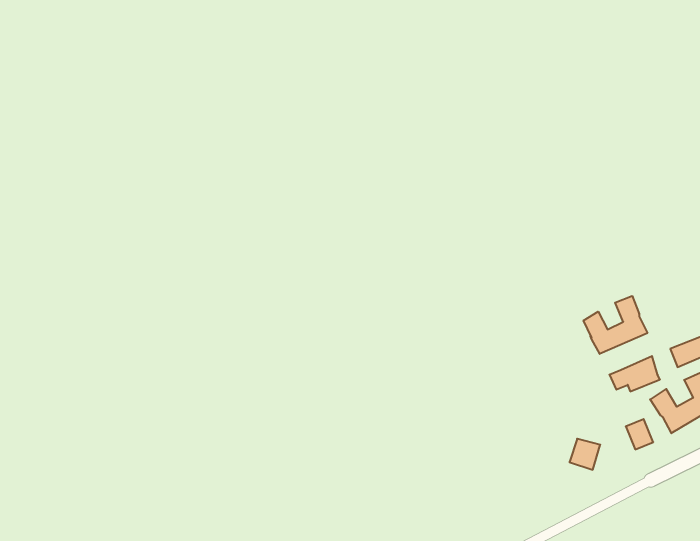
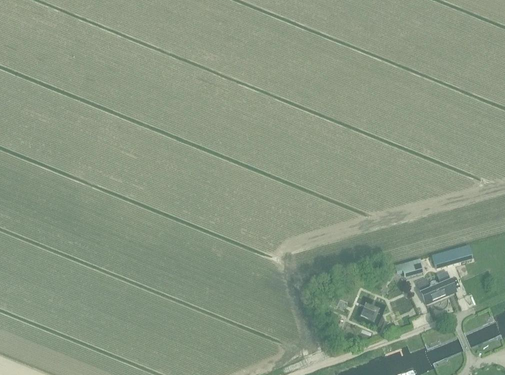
building: [584,296,647,354] -> none

